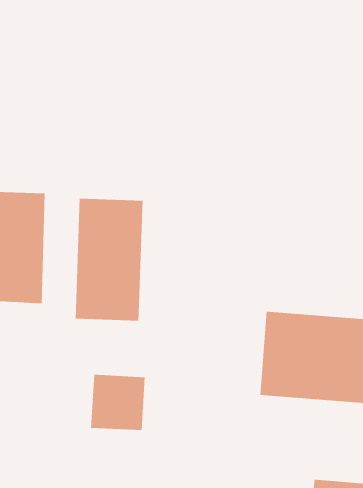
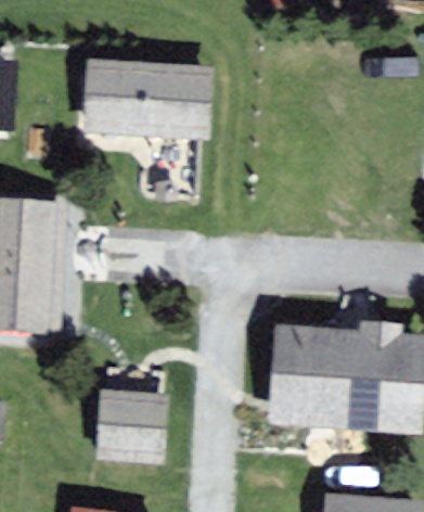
building: none -> [87,64,200,131]
building: [75,198,143,322] -> none

